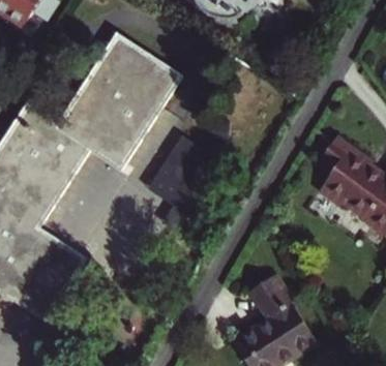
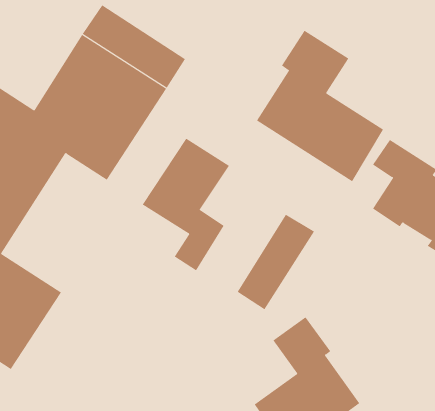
building: none -> [256,30,384,182]
building: none -> [237,214,315,310]

